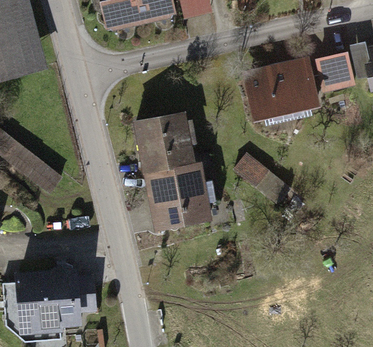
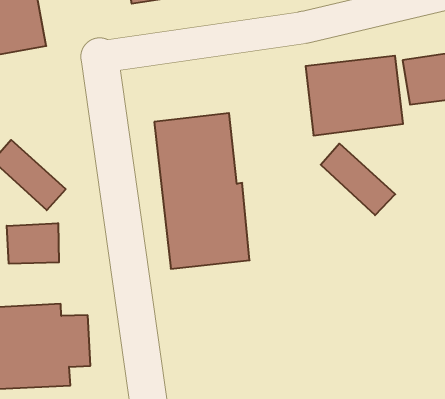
building: [235,150,293,202] -> [321,144,395,215]
building: none -> [7,223,59,264]

